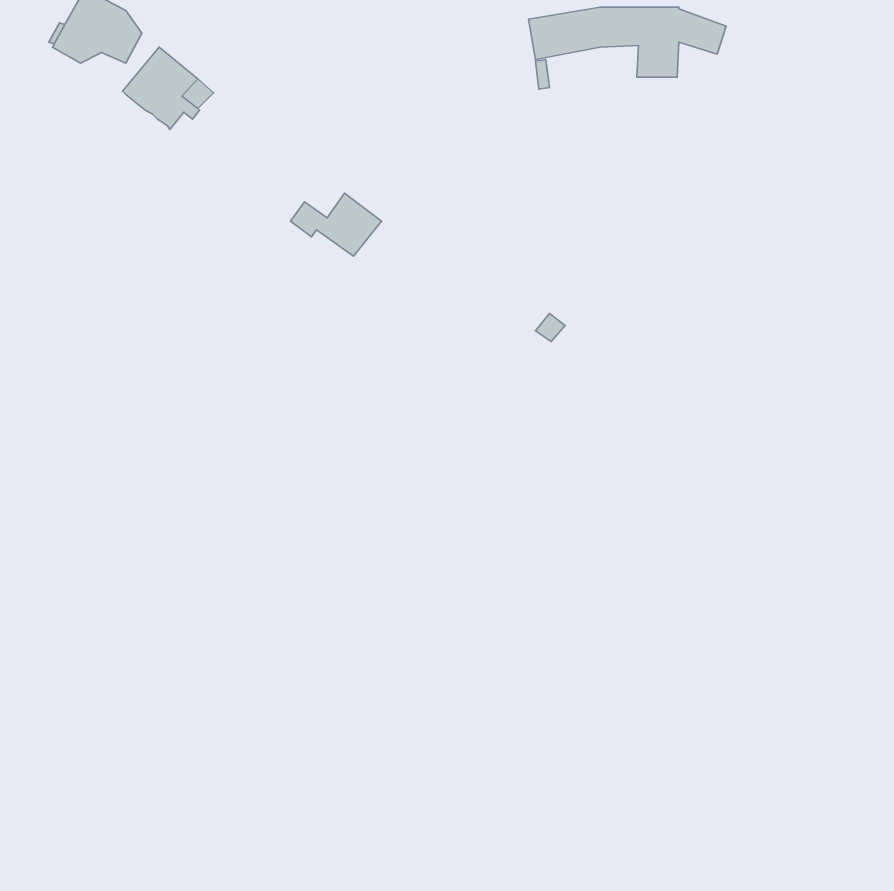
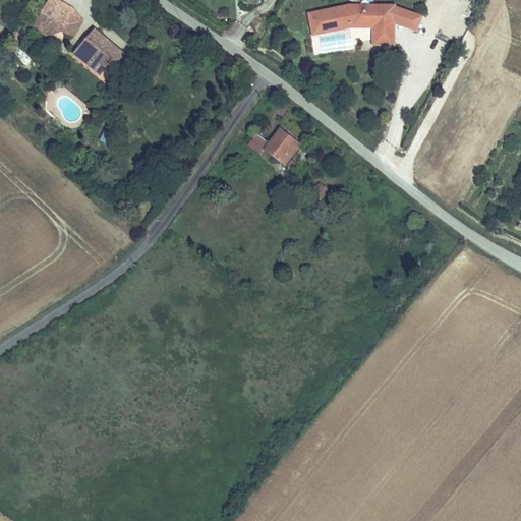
building: [290,193,381,256] -> [247,128,300,165]

